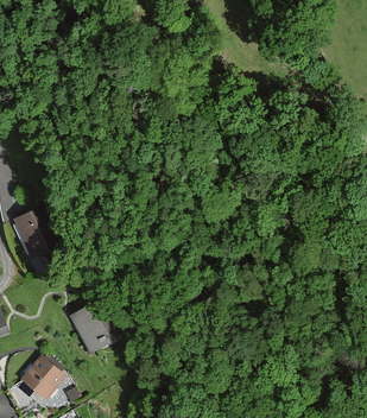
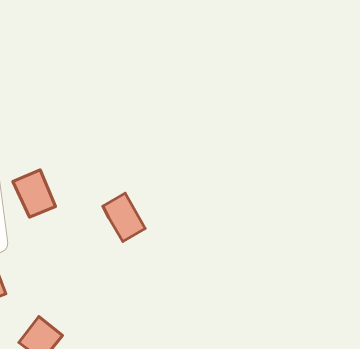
building: [69,303,112,352] -> [103,193,145,242]

